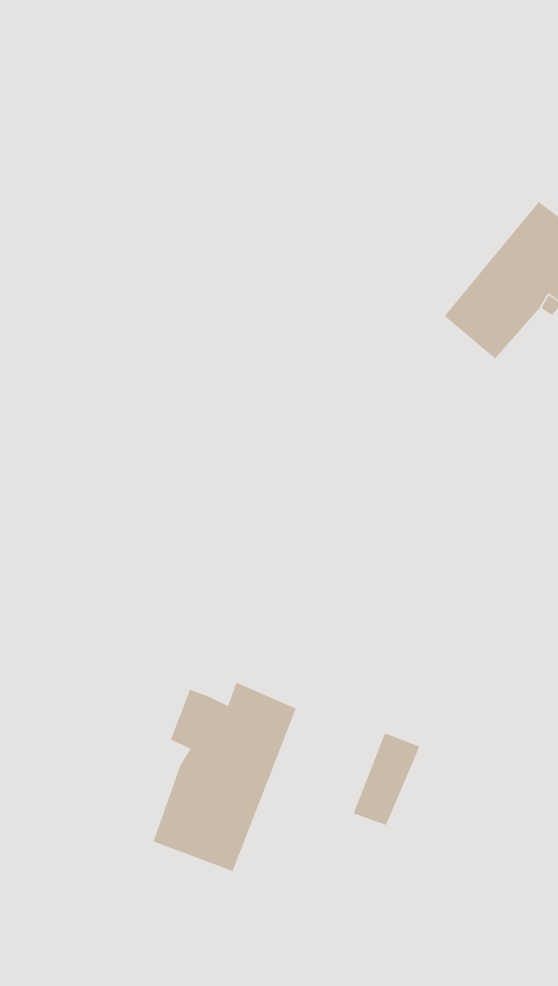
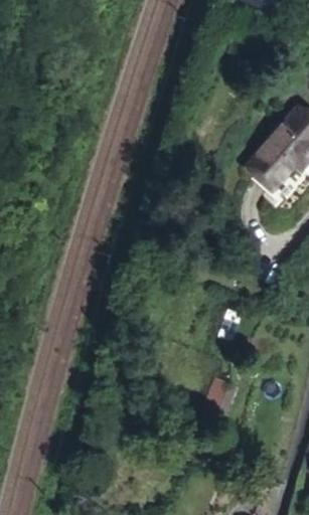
building: [153,682,297,872] -> none

